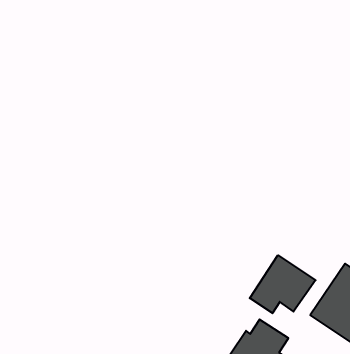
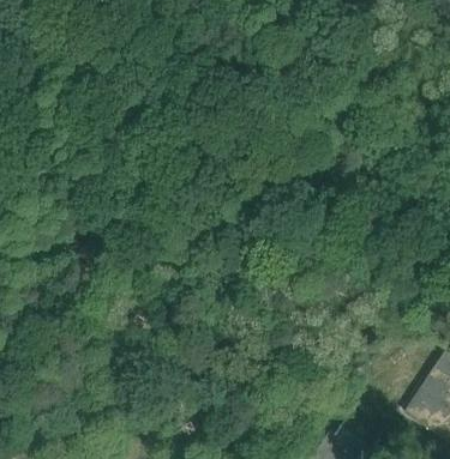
building: [250,255,316,313] -> none

